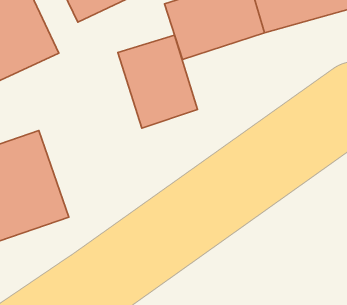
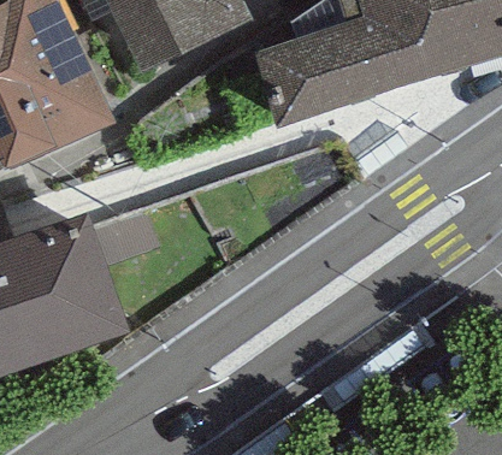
building: [118,35,197,128] -> none

